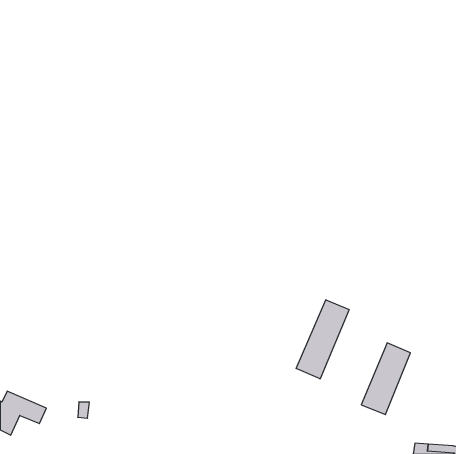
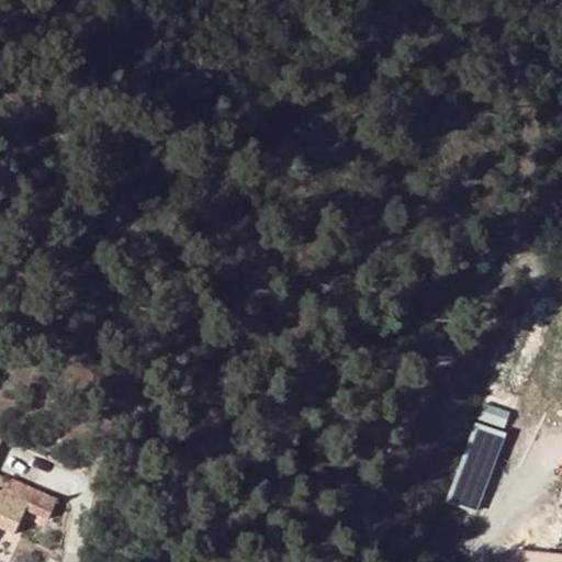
building: [296,300,349,379] -> none

